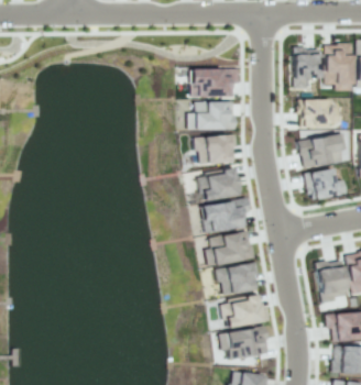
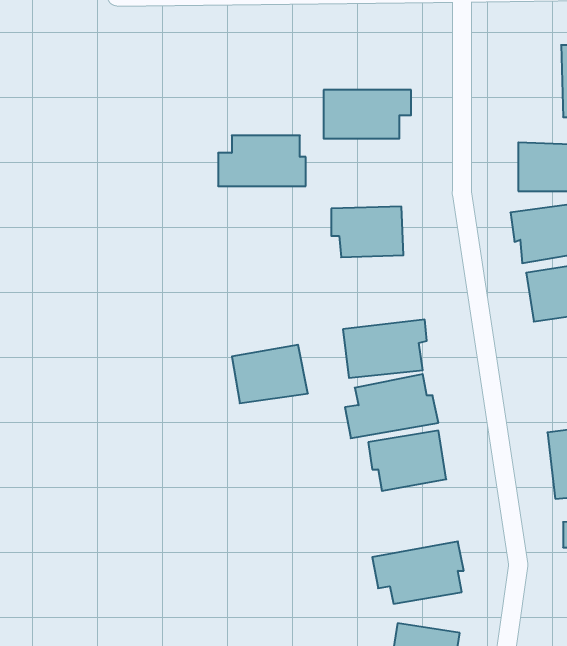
building: [294,46,322,90] -> none
building: [188,102,238,131] -> [218,135,306,186]
building: [199,168,242,201] -> [232,345,308,403]
building: [222,294,271,328] -> none

